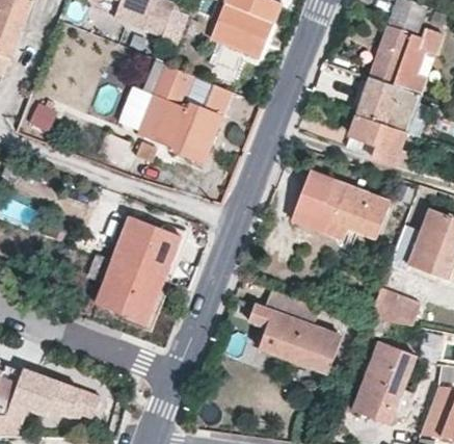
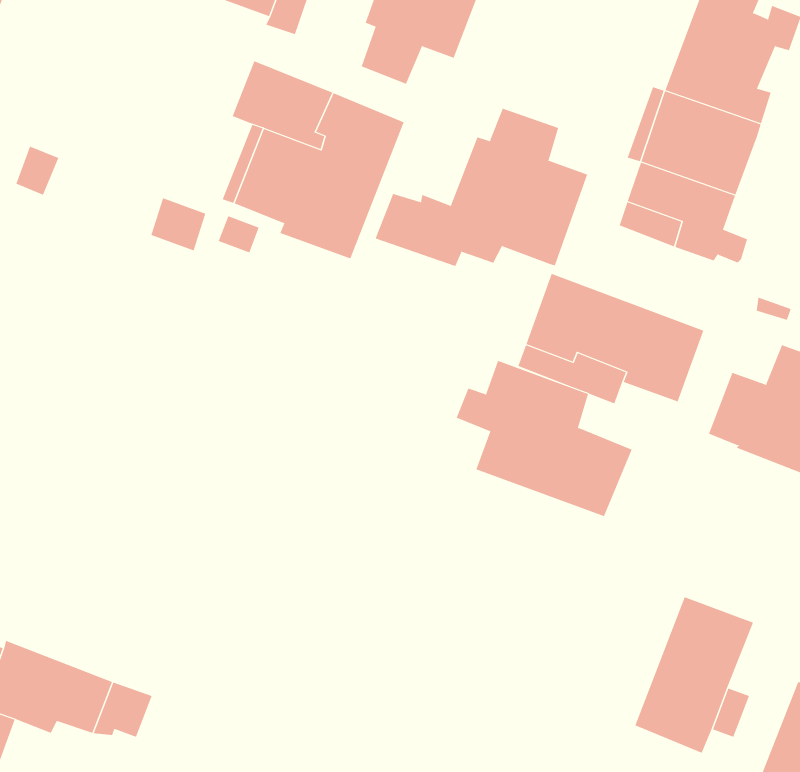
building: none -> [375,108,588,267]
building: [89,217,180,321] -> none
building: [368,289,419,327] -> none
building: [248,290,341,372] -> [456,360,632,517]

